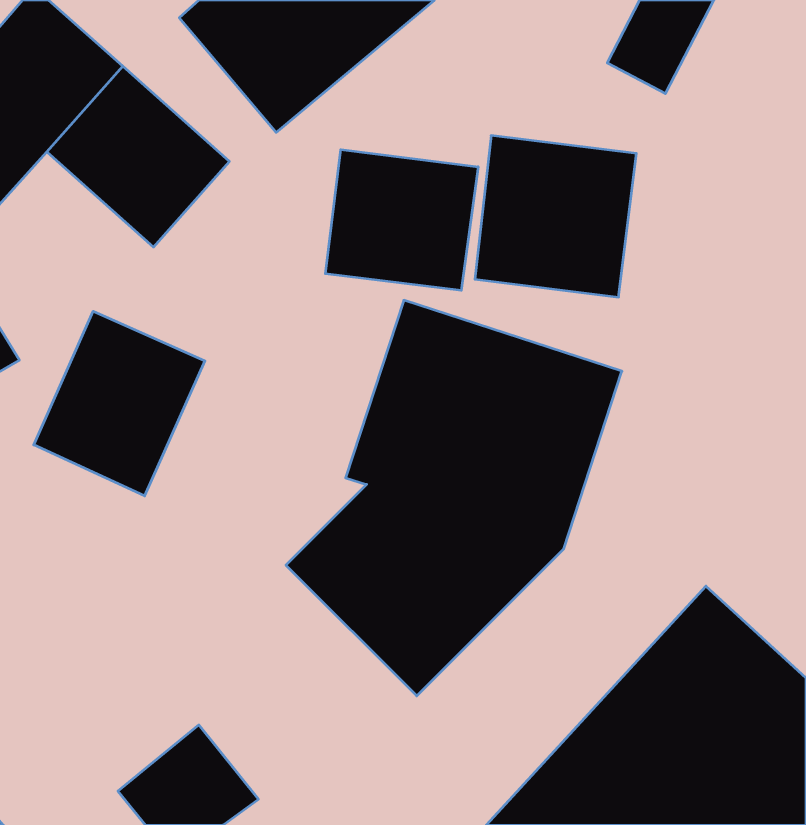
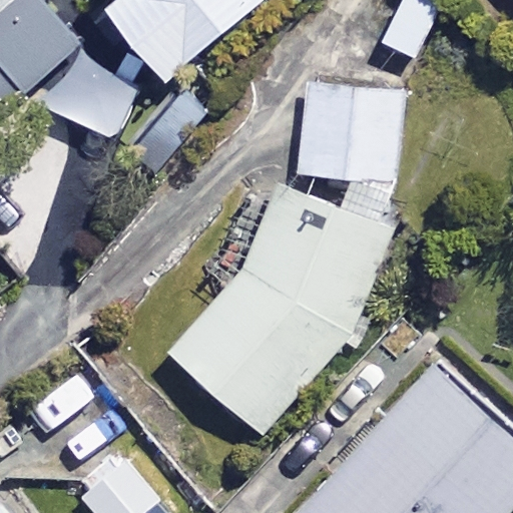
building: [325,150,478,290] -> none
building: [34,311,205,496] -> none

